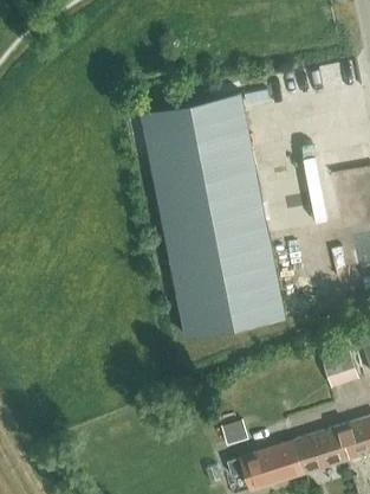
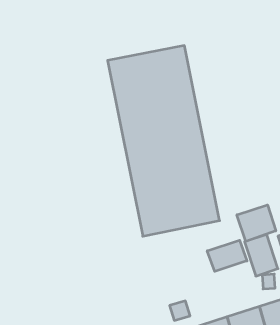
building: none -> [237,205,276,241]
building: none -> [207,240,247,271]

